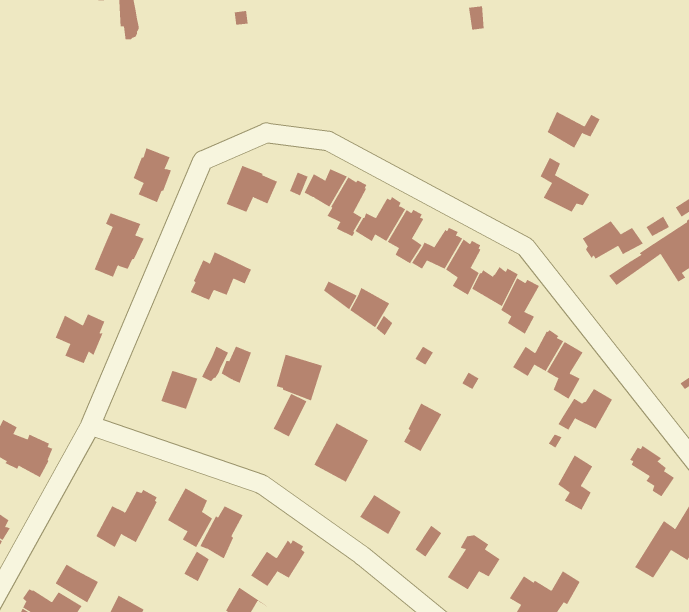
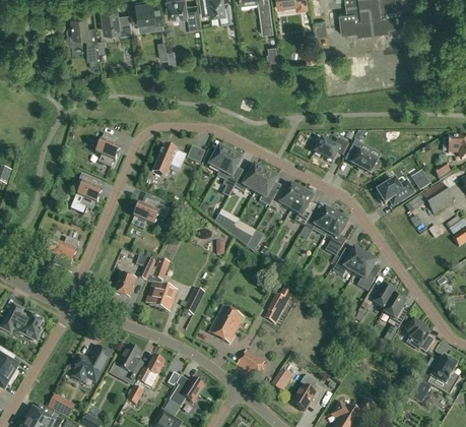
building: [547,111,600,148] -> [315,138,348,162]
building: [276,352,323,401] -> [146,282,176,312]
building: [557,450,593,510] -> [383,291,405,328]

